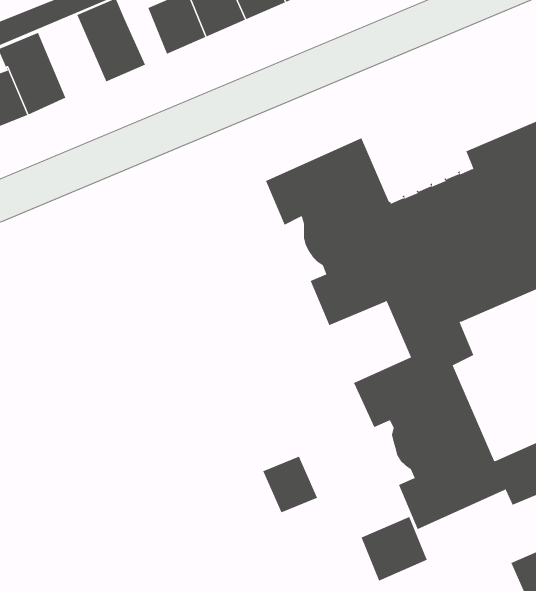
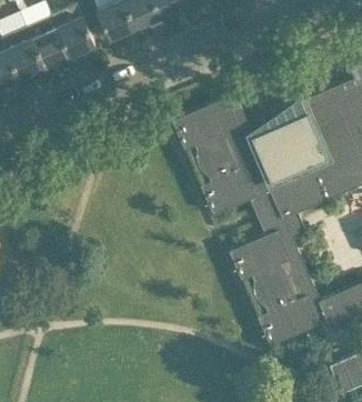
building: none -> [27,14,70,68]
building: [263,456,318,513] -> none
building: [361,516,427,581] -> none

